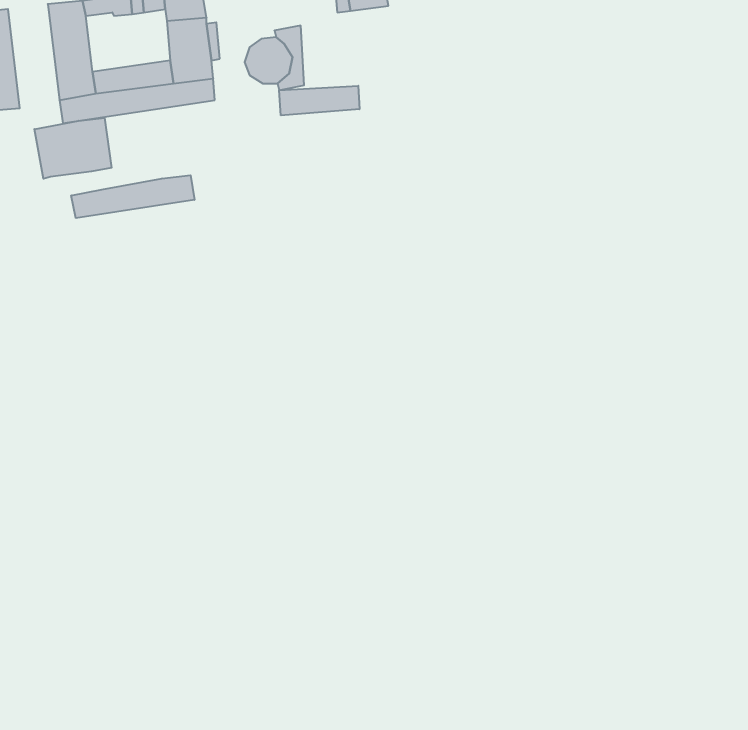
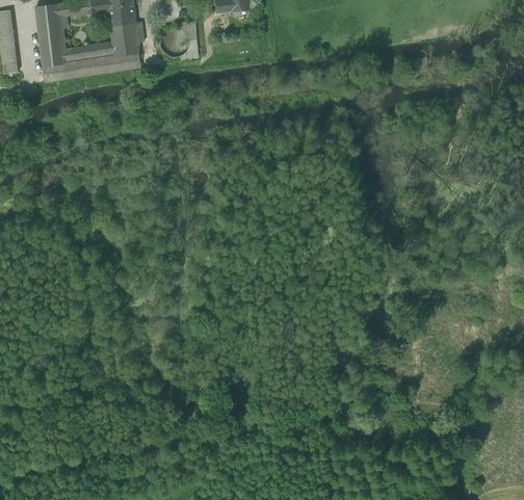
building: [279,86,359,115] -> none
building: [34,118,112,179] -> none
building: [71,175,194,218] -> none

